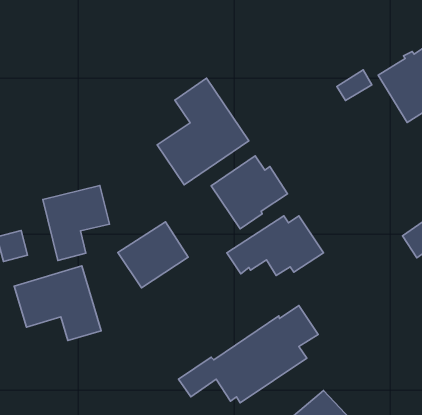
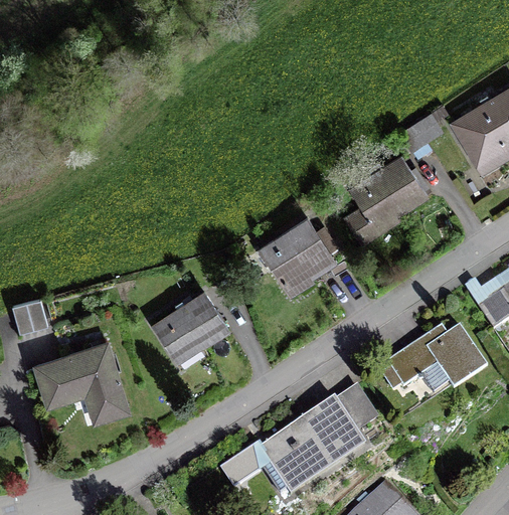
building: [157,78,249,185] -> none
building: none -> [344,153,429,245]
building: [43,185,109,260] -> none
building: [227,216,324,276] -> [377,325,488,393]

